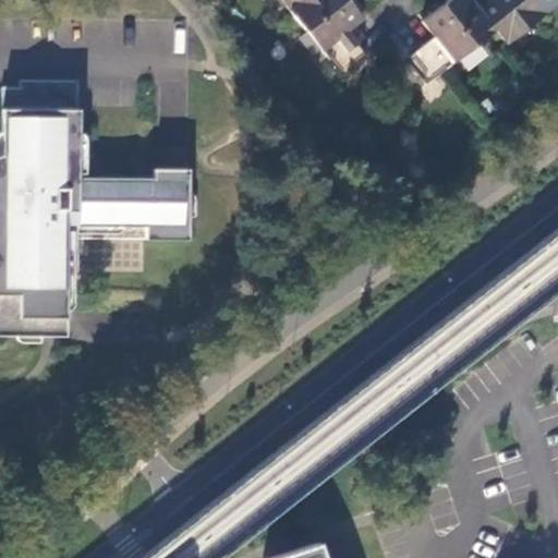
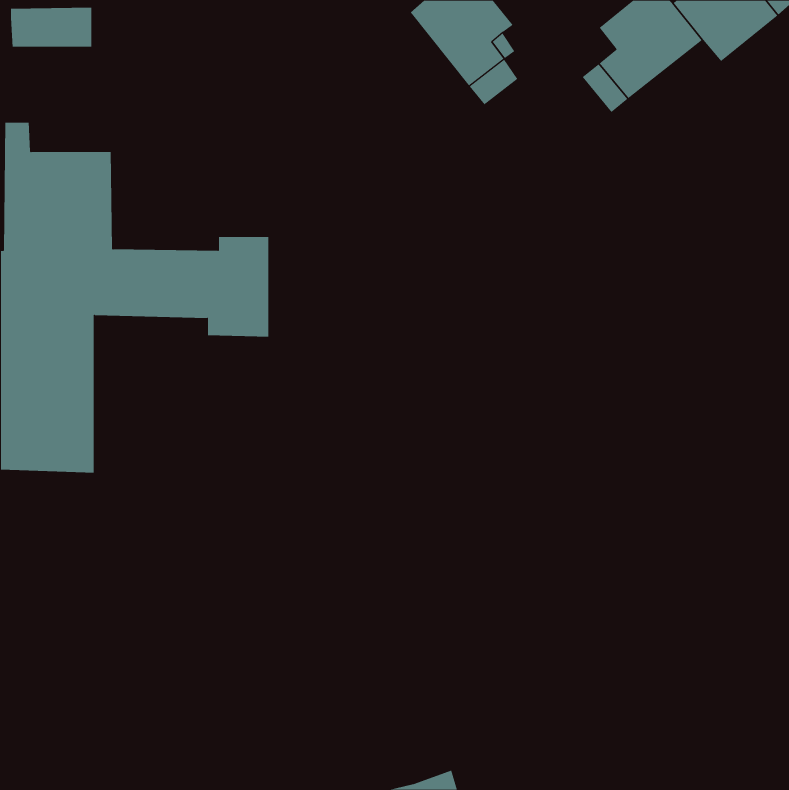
building: [22,78,80,107] -> [10,7,92,47]

